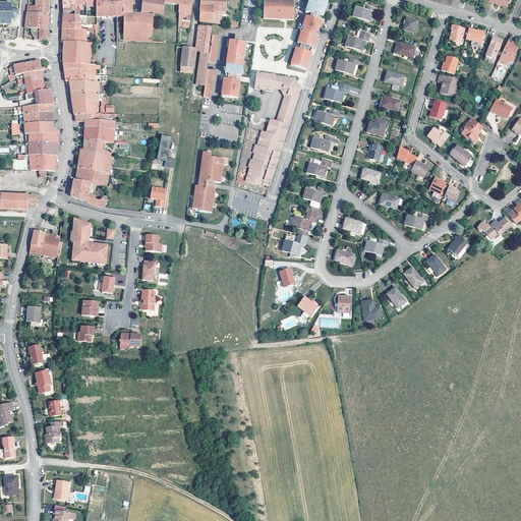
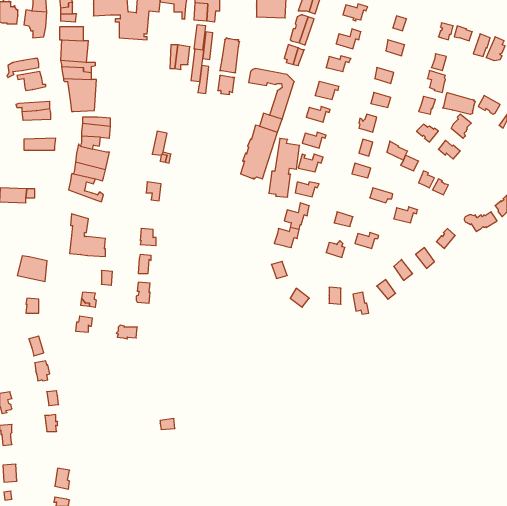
building: [18,89,52,106] -> none
building: none -> [443,93,475,114]
building: [23,122,57,142] -> none
building: [192,152,224,212] -> [269,138,300,197]
building: [30,154,55,170] -> none
building: [28,230,59,256] -> [17,256,47,282]

